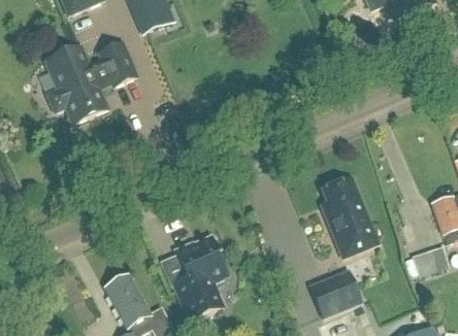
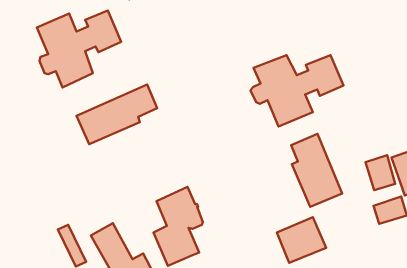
building: none -> [251,55,344,126]
building: none -> [77,85,157,144]
building: none -> [365,155,395,190]

